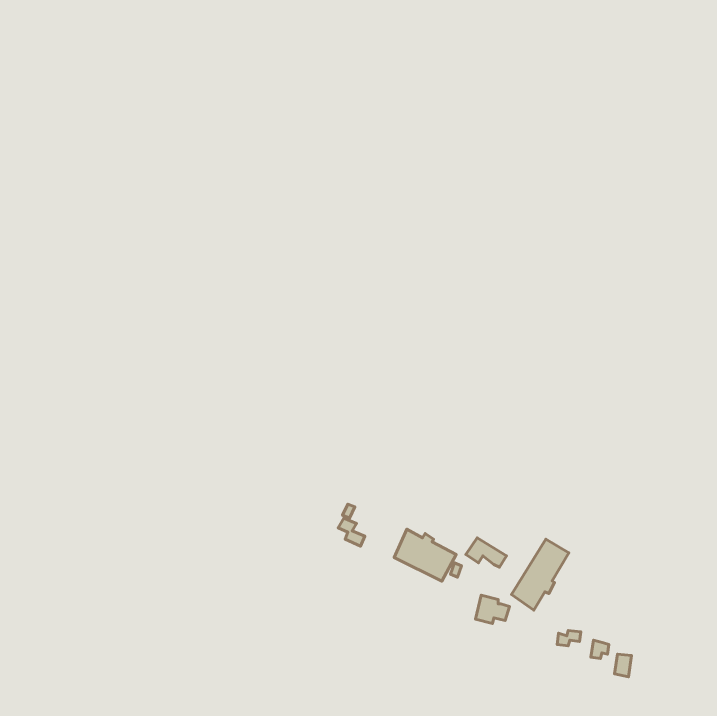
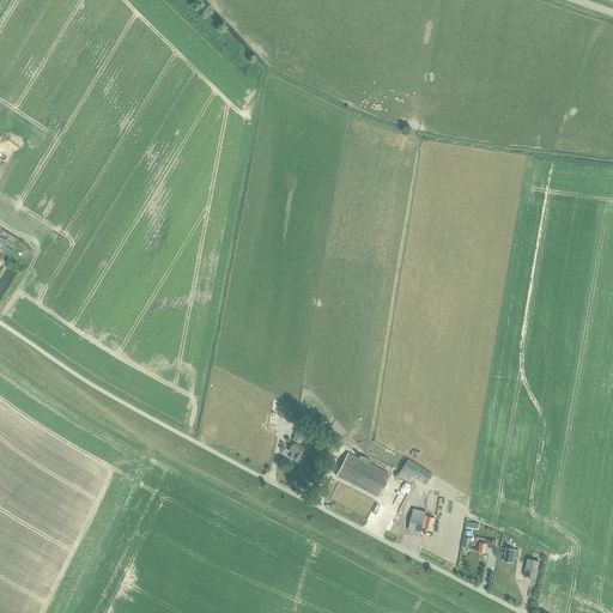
building: [511,539,569,610] -> none

